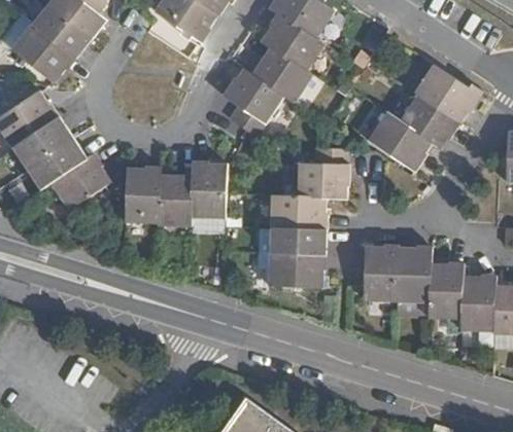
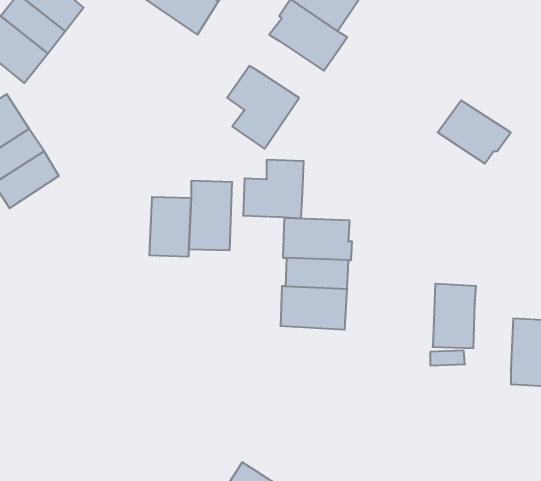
building: [251,46,308,99] -> none
building: [416,65,479,122] -> none
building: [369,114,433,171] -> none
building: [298,148,348,196] -> [243,160,304,218]
building: [55,153,111,207] -> none
building: [127,167,162,224] -> none
building: [346,247,398,319] -> none
building: [429,264,463,319] -> none

